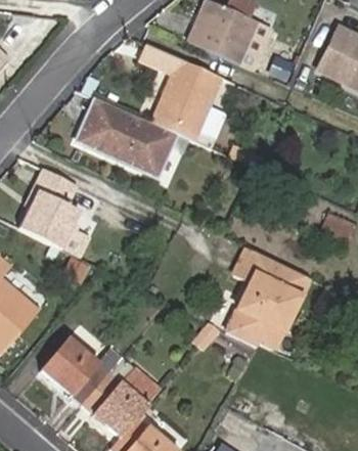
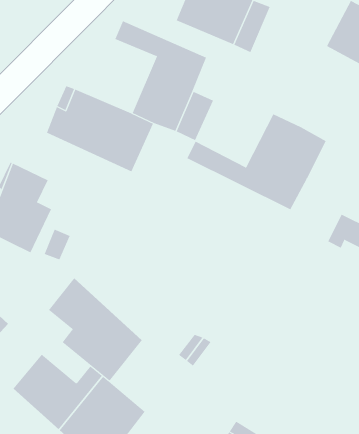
building: none -> [187,113,327,210]
building: [224,246,309,348] -> none
building: none -> [48,277,142,381]

